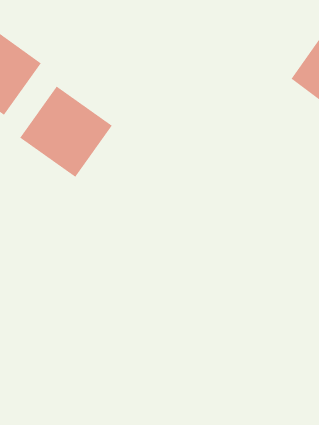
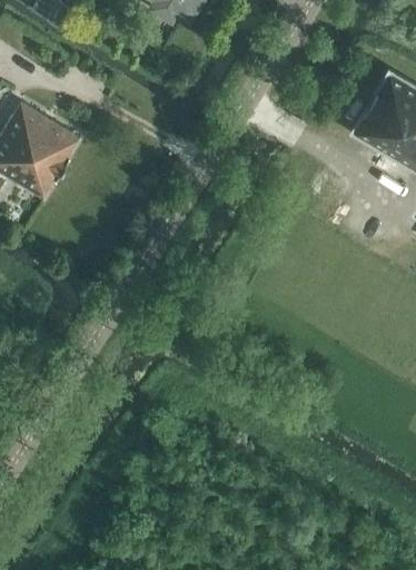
building: [19,85,113,178] -> none

